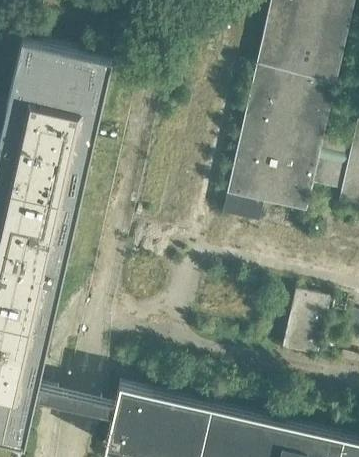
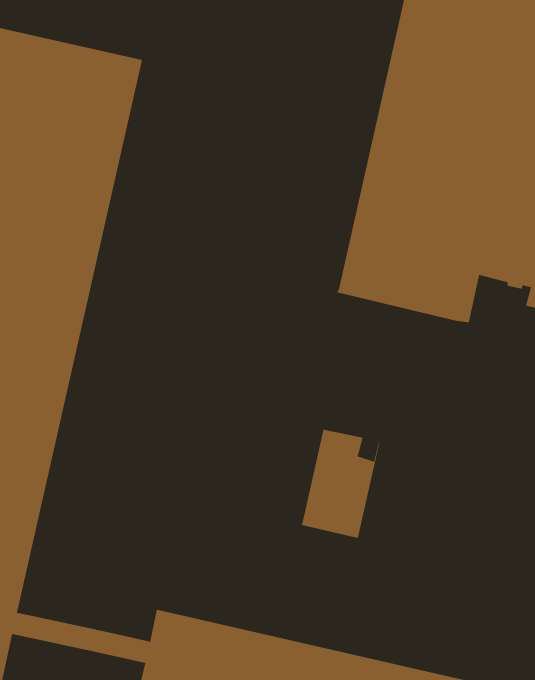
building: [281,297,328,362] -> [301,429,380,539]

